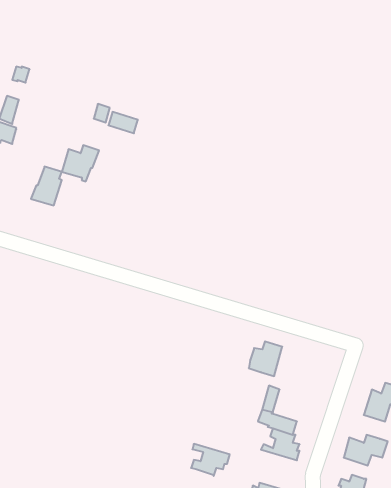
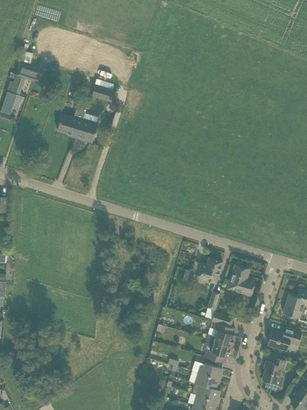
building: [31,167,62,205] -> [74,114,97,143]
building: none -> [226,265,255,296]
building: [191,444,230,476] -> [203,339,232,363]

